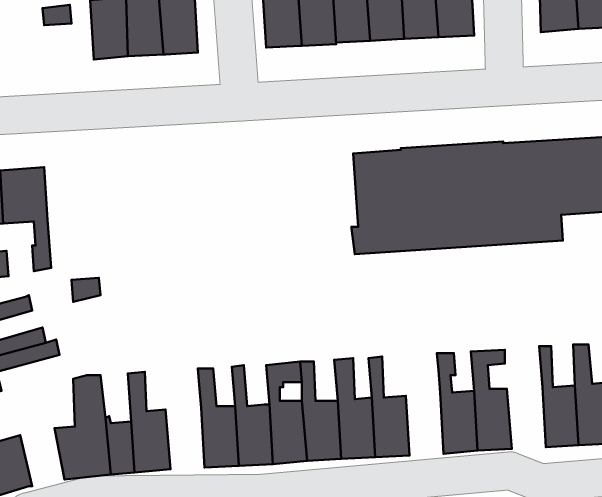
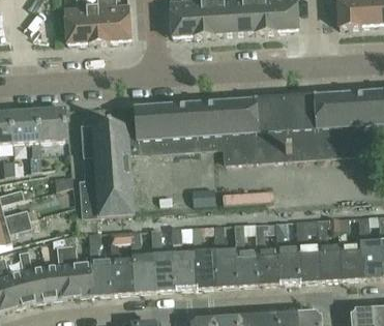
building: none -> [80,100,228,215]
building: none -> [37,107,67,141]
building: none -> [317,218,342,279]
building: none -> [255,221,279,284]
building: none -> [110,231,135,292]
building: none -> [17,245,50,302]

